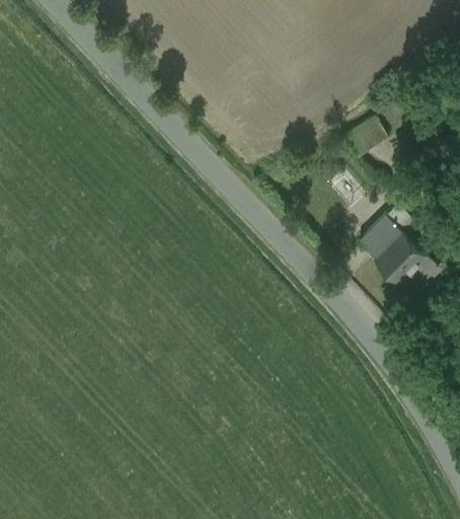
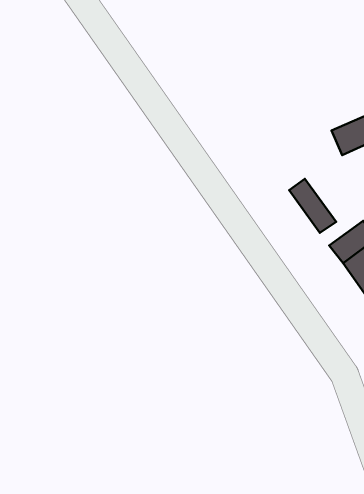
building: none -> [289,179,336,233]

